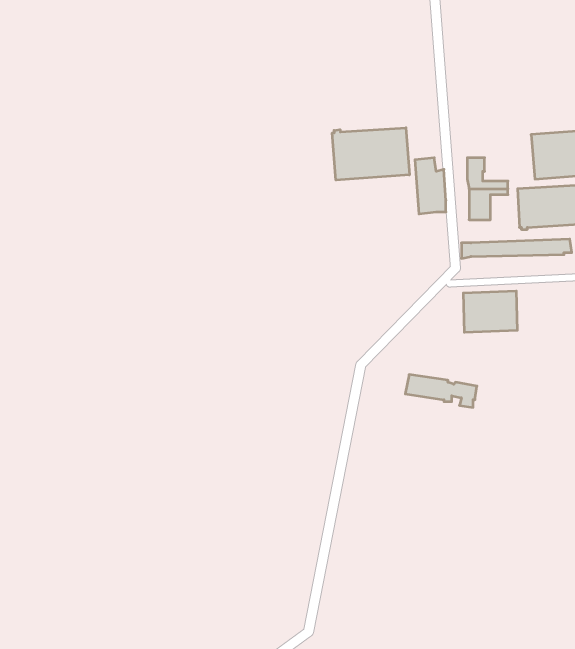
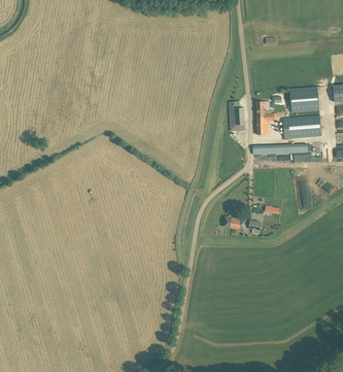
building: [332,128,409,180] -> none
building: [463,291,517,332] -> none

